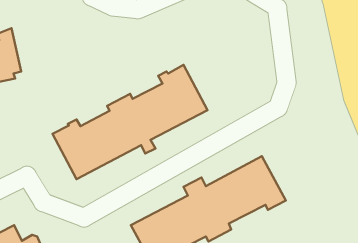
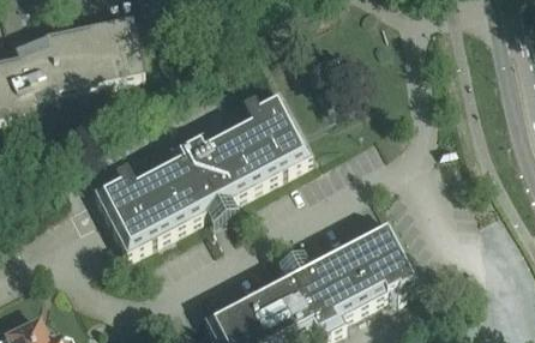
building: none -> [34,17,142,102]

